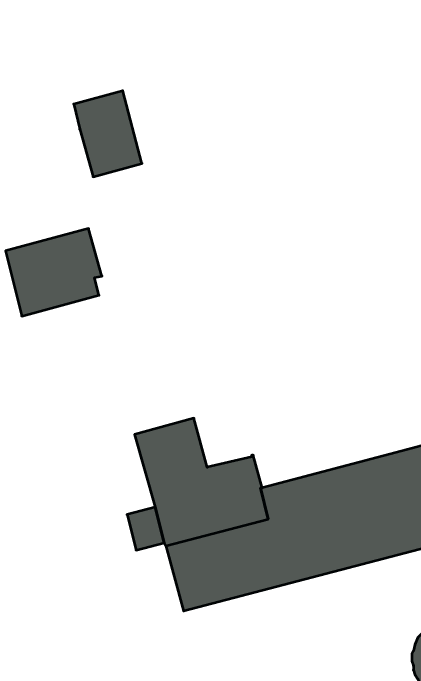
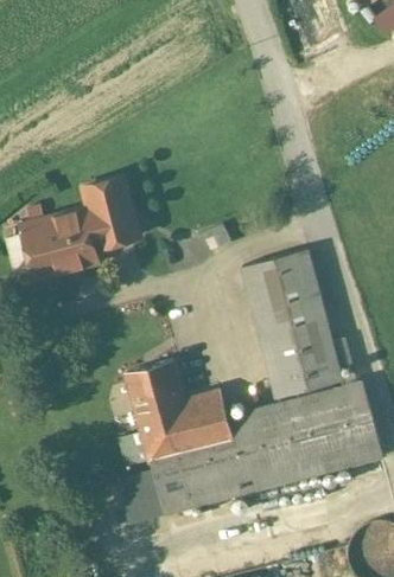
building: [74,91,142,177] -> [84,178,139,246]
building: none -> [242,250,342,396]

